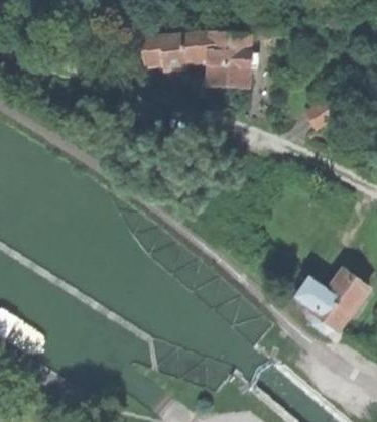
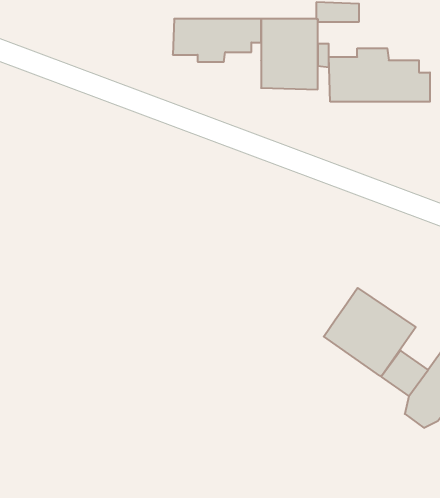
building: none -> [329,48,430,102]
building: none -> [324,288,416,377]

